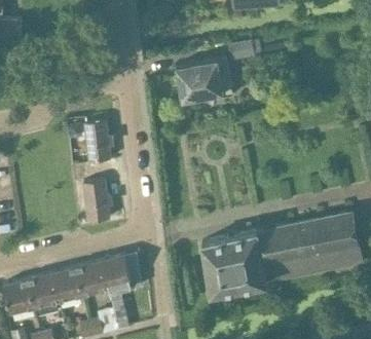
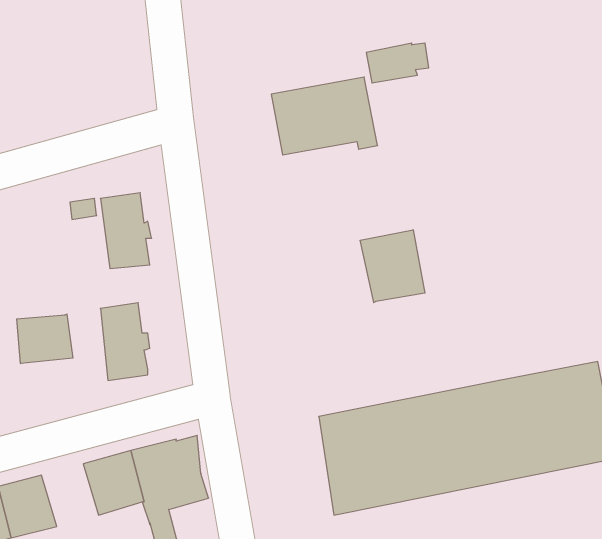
building: none -> [360,230,425,303]
building: none -> [17,314,73,364]
building: [50,267,81,301] -> none

